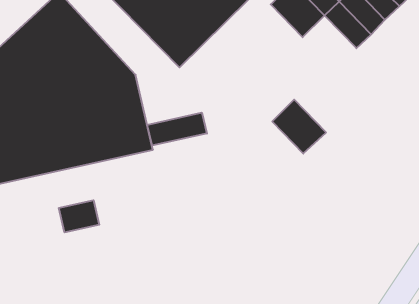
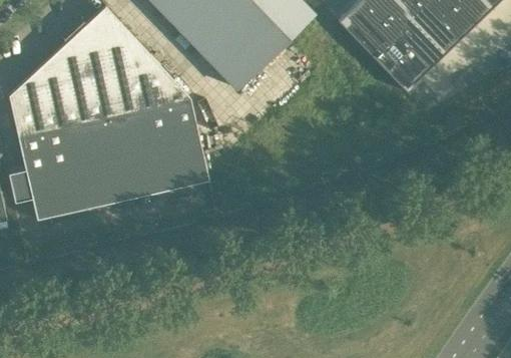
building: [272,100,326,154] -> [373,31,432,90]
building: [147,113,207,146] -> none
building: [59,200,99,232] -> none

